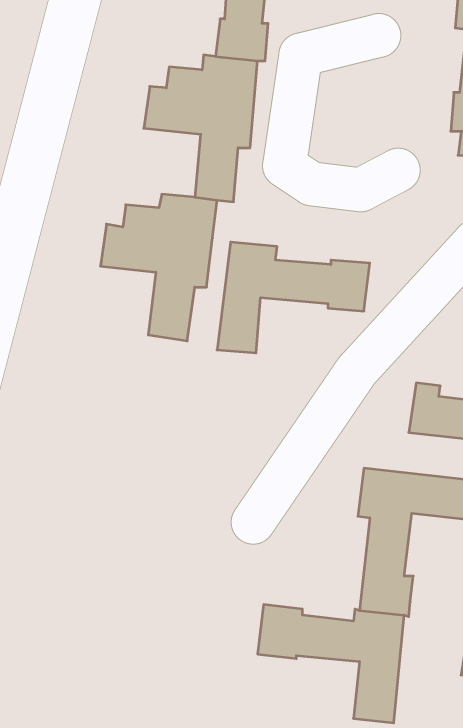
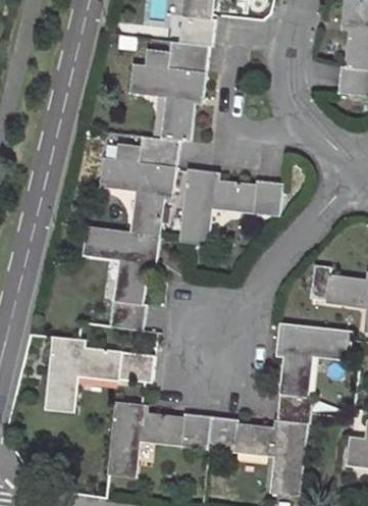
building: none -> [84,227,159,331]
building: none -> [45,338,154,412]
building: none -> [107,402,211,478]

